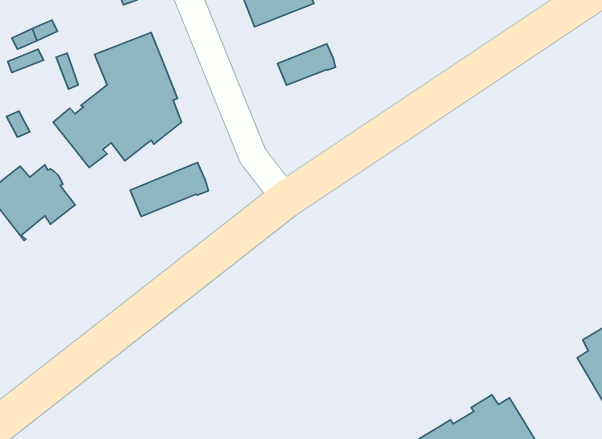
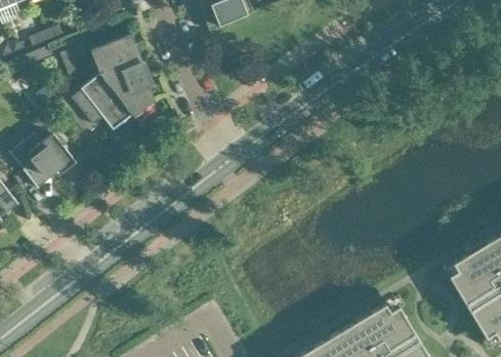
building: [277,44,336,85] -> none
building: [130,163,208,216] -> none

